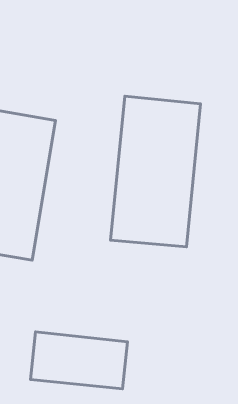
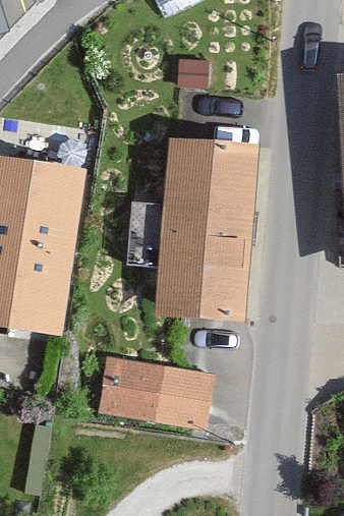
building: [31,332,127,389] -> [93,356,211,425]

